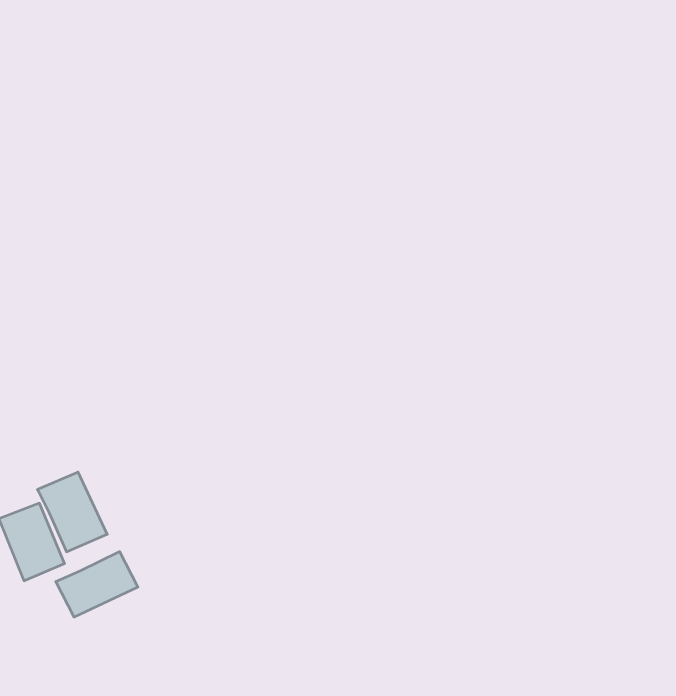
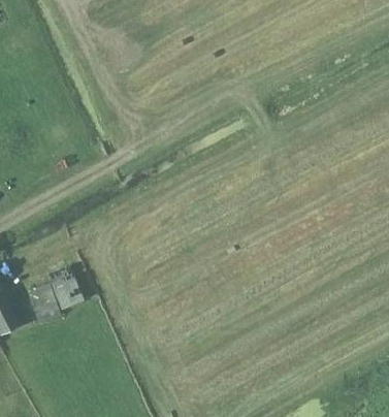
building: [56,552,138,617] -> none

